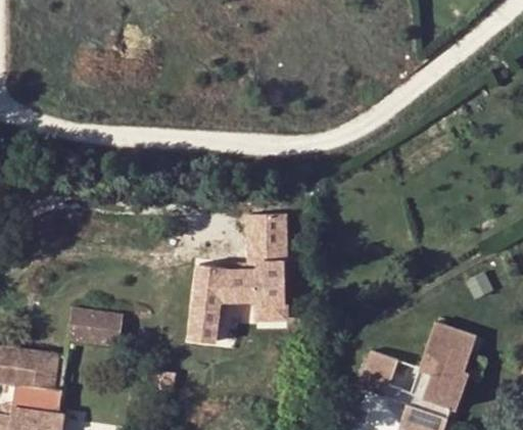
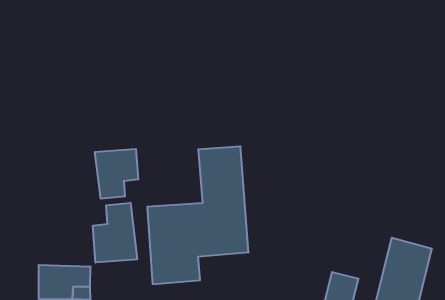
building: none -> [95,149,138,199]
building: none -> [93,203,137,263]

